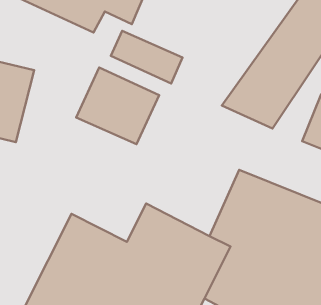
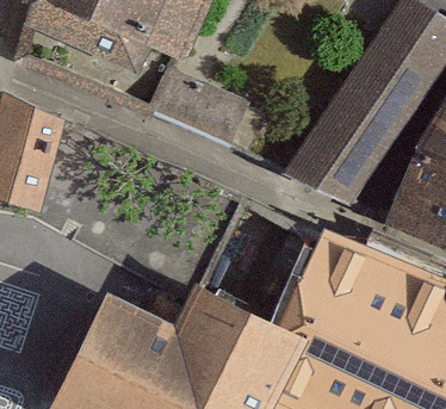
building: [76,67,159,144] -> none

